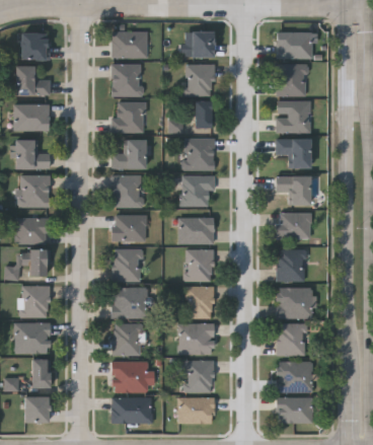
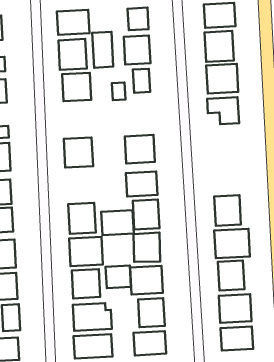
building: none -> [92,32,113,68]
building: [183,138,215,170] -> none
building: [111,139,145,168] -> none
building: [276,175,310,205] -> none
building: [276,213,311,238] -> none
building: [111,215,147,241] -> [101,210,134,235]
building: none -> [106,266,131,288]

